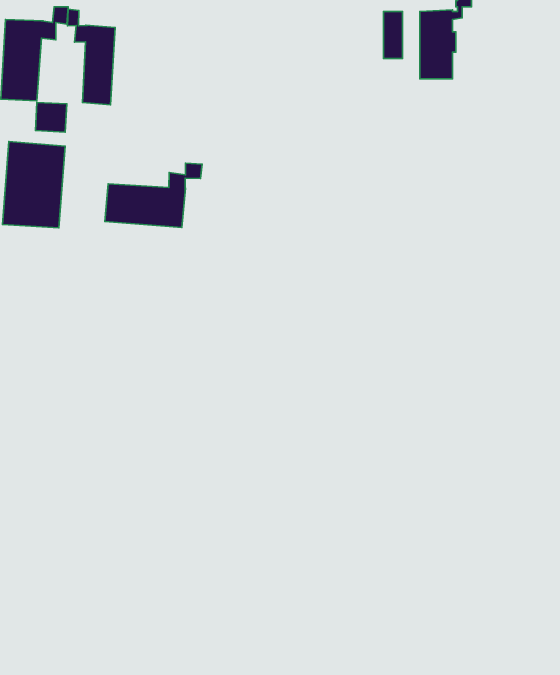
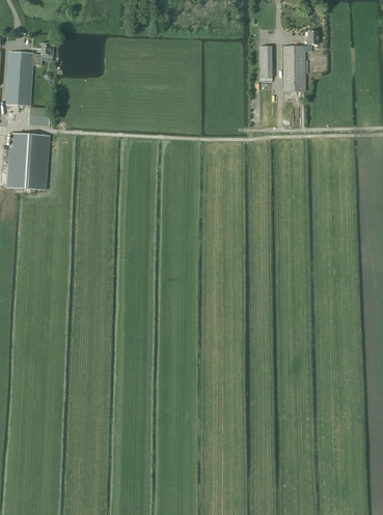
building: [68,9,115,105] -> none
building: [105,163,202,227] -> none

